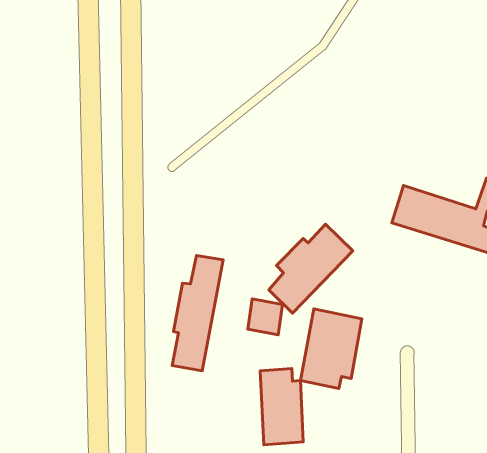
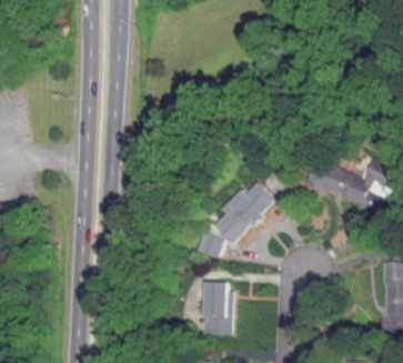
building: [172,256,223,371] -> none
building: [300,309,362,389] -> none

